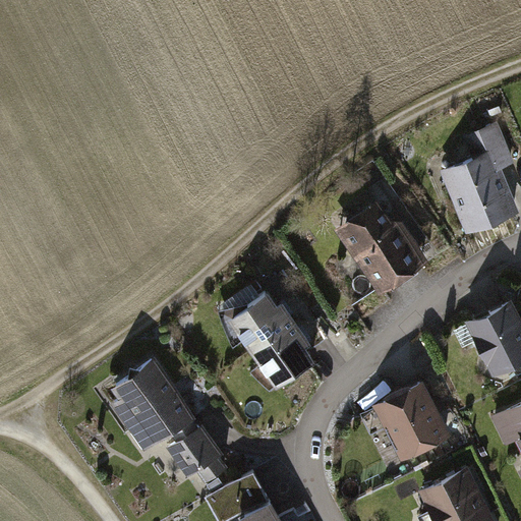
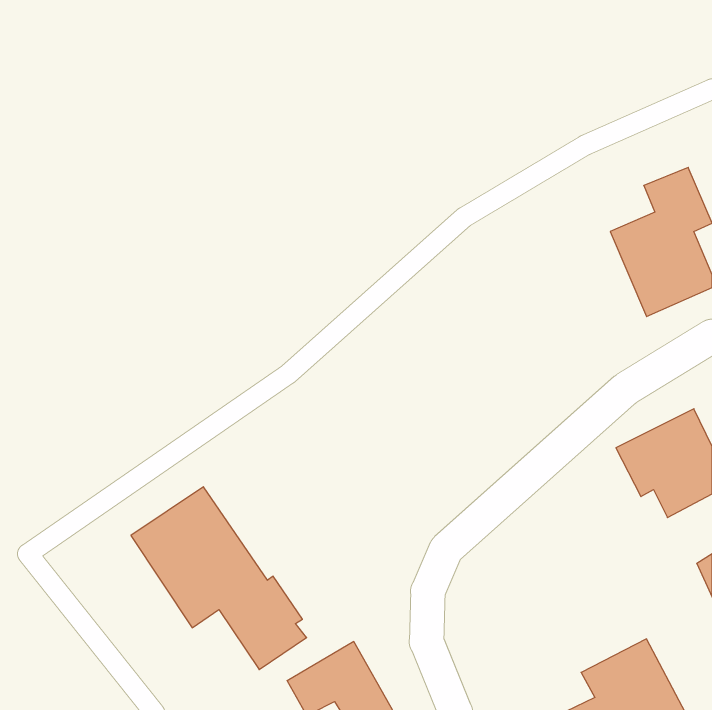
building: [340,198,436,293] -> none
building: [223,292,310,388] -> none
building: [367,382,448,464] -> none

